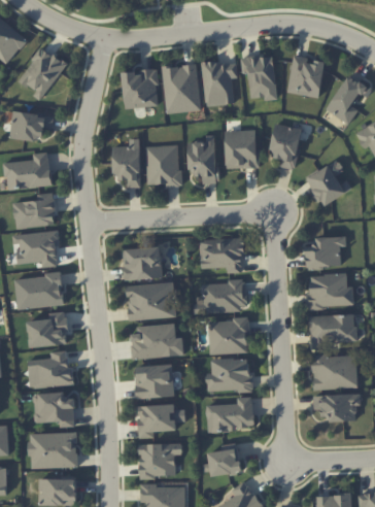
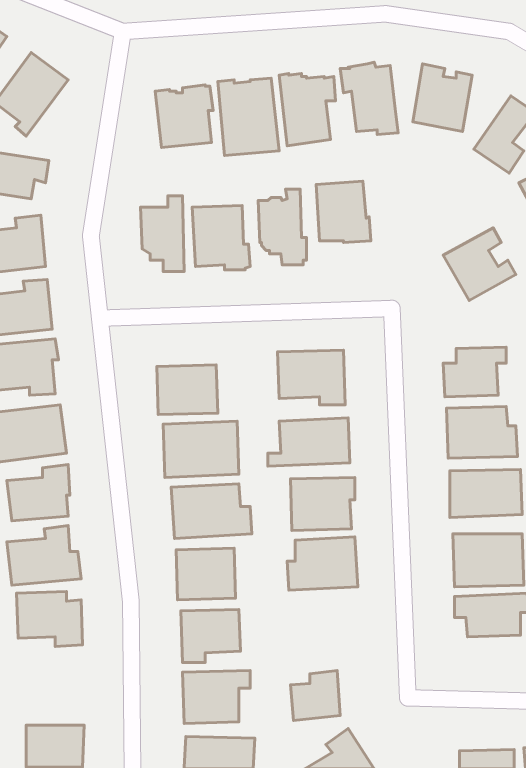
building: [270,125,301,168] -> none
building: [205,397,254,432] -> none
building: [29,432,77,469] -> none

